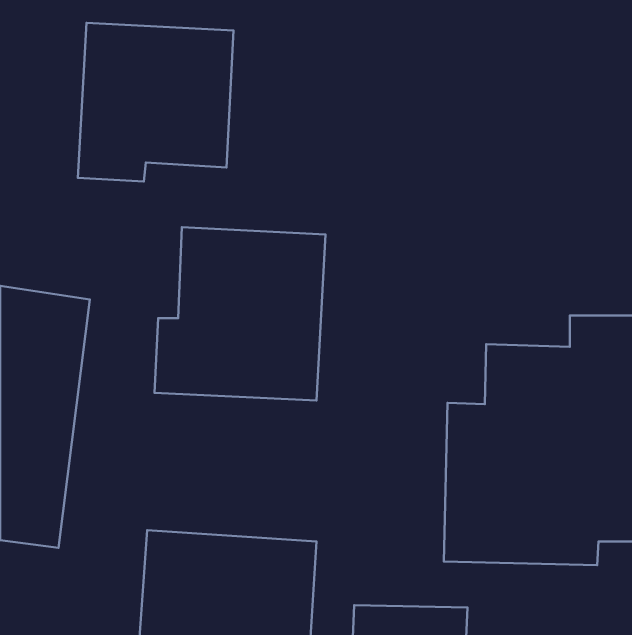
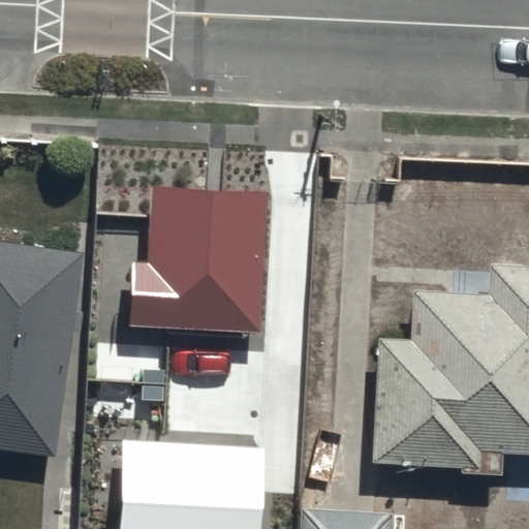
building: [78,23,234,181] -> none

